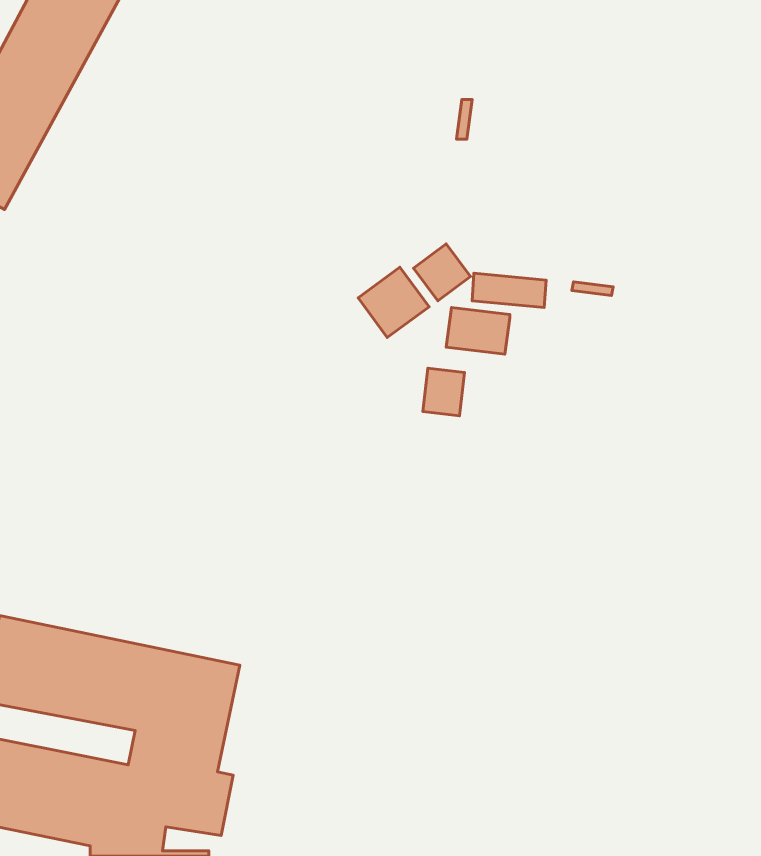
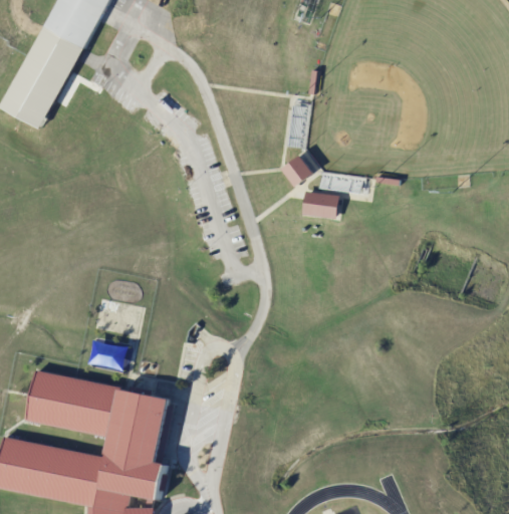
building: [358,267,429,338] -> none
building: [423,368,465,416] -> none

